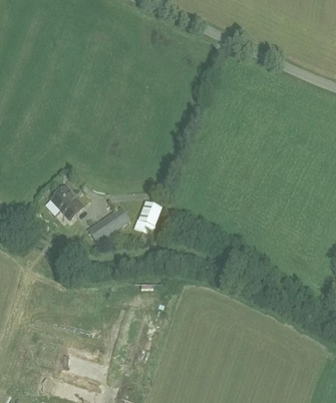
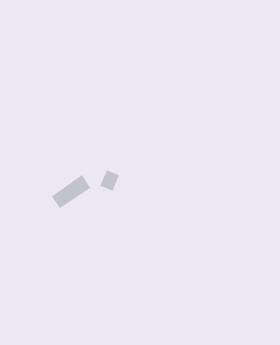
building: [49,185,82,220] -> none

